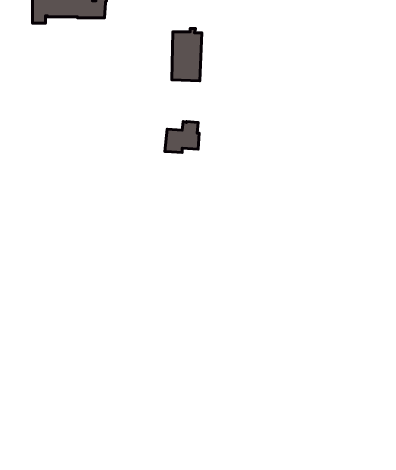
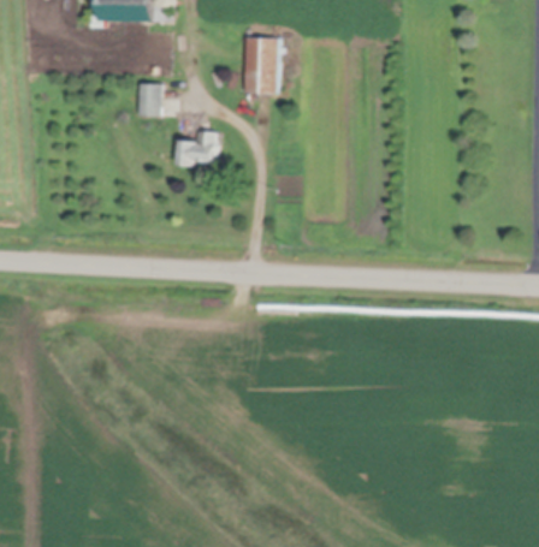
building: none -> [138,84,161,115]
building: [165,122,199,153] -> [178,131,217,166]

